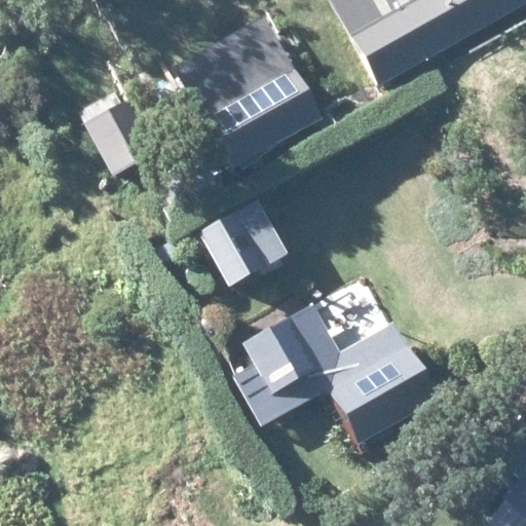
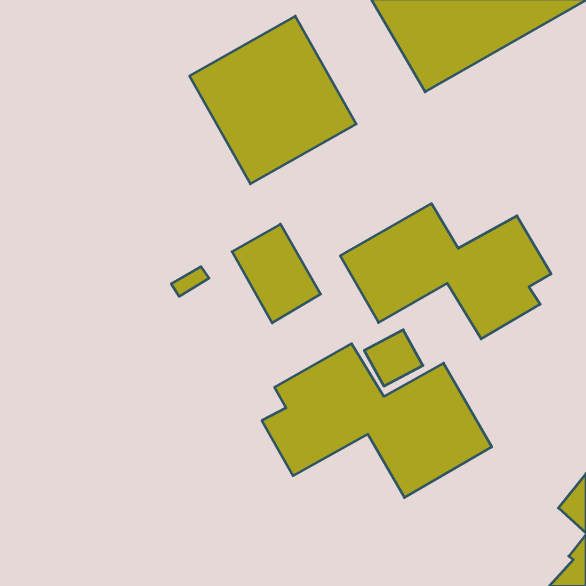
building: none -> [340,204,551,339]

